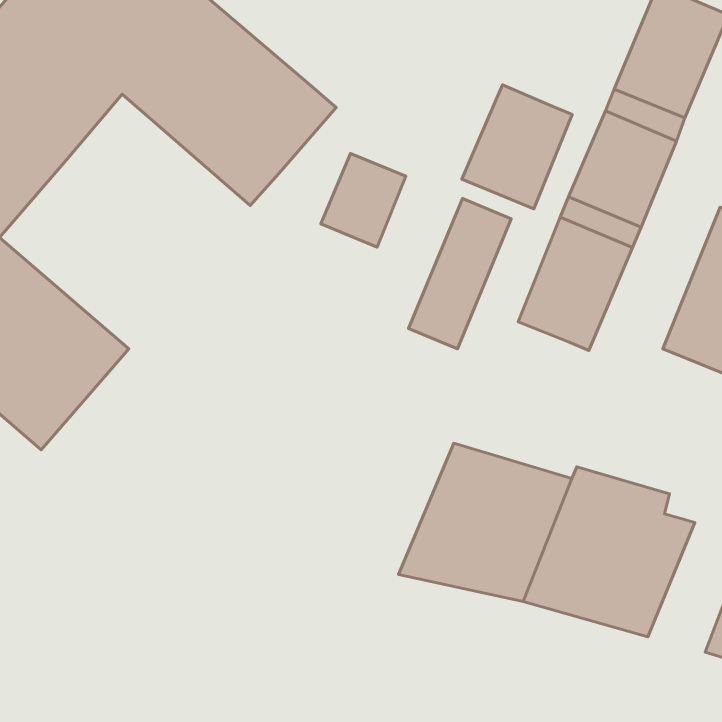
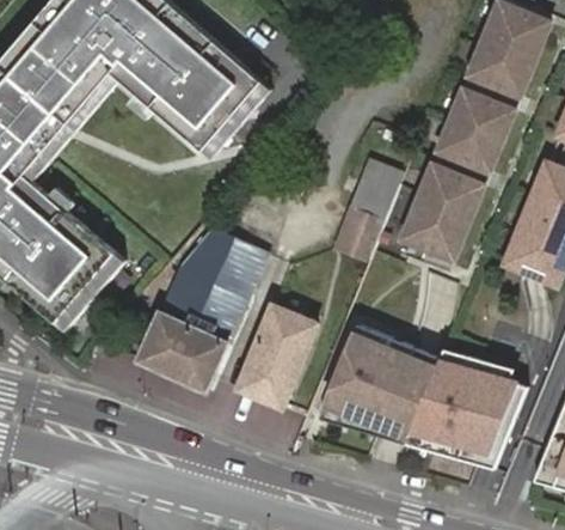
building: [462,85,572,209] -> none
building: [321,154,406,247] -> none
building: none -> [137,225,266,385]
building: none -> [235,301,314,404]

